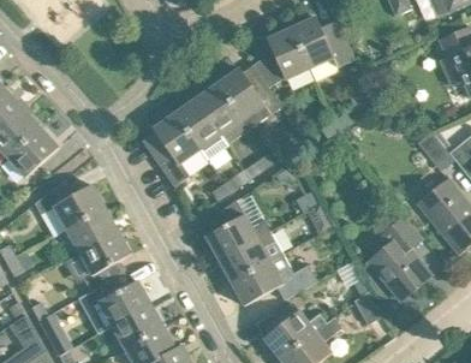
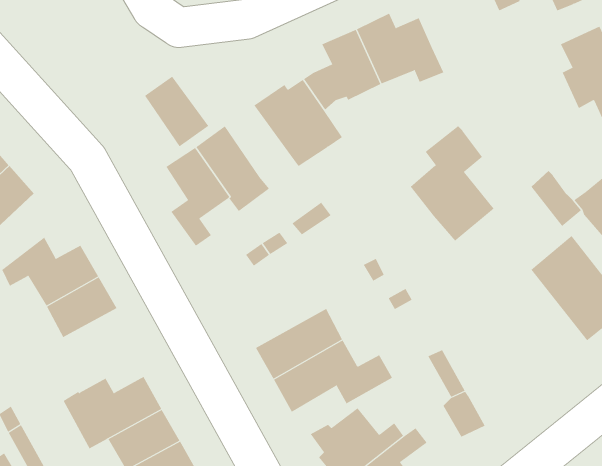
building: [196,83,243,135] -> [144,76,209,147]
building: [203,200,269,258] -> none
building: [369,215,430,299] -> [410,125,495,242]
building: [78,230,131,291] -> none

